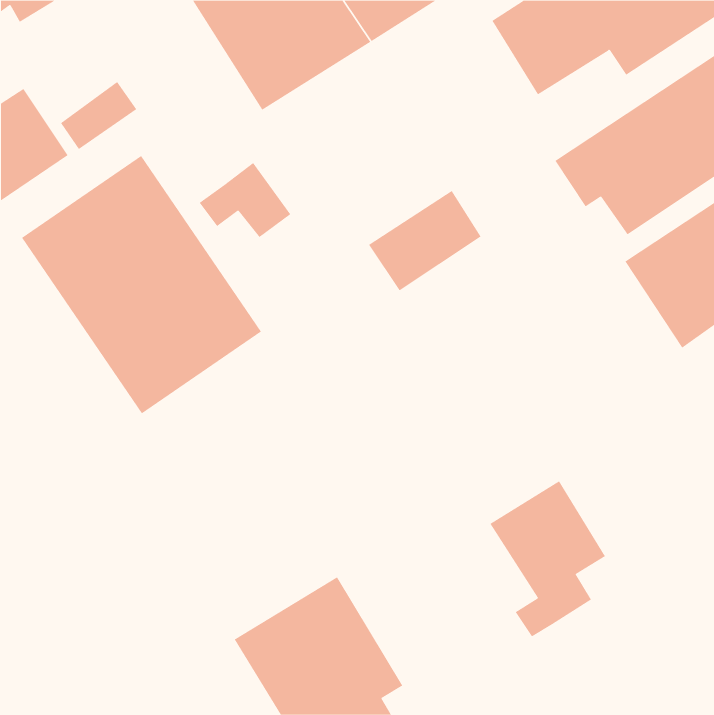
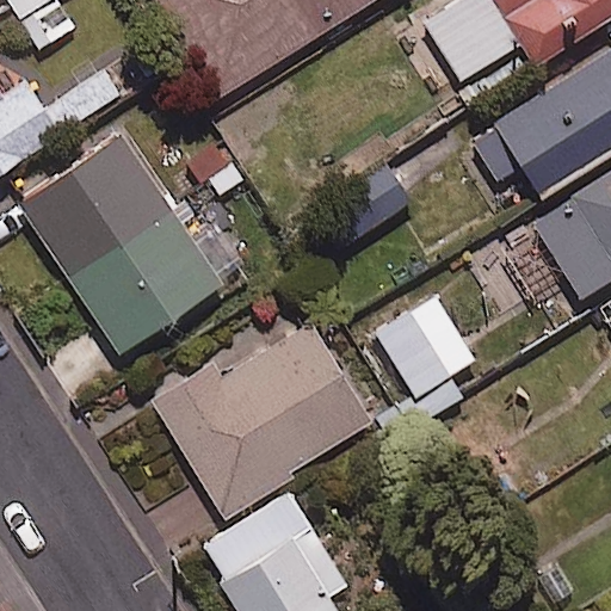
building: none -> [152,323,371,514]
building: [490,481,606,637] -> [376,295,475,428]

